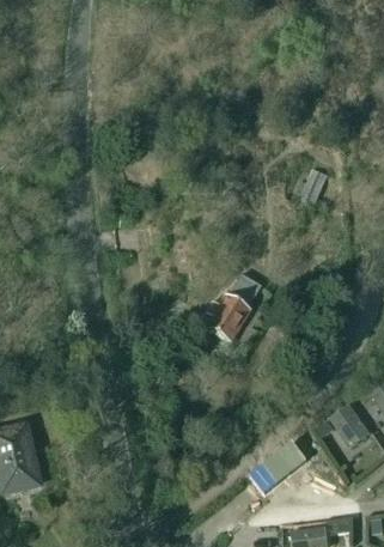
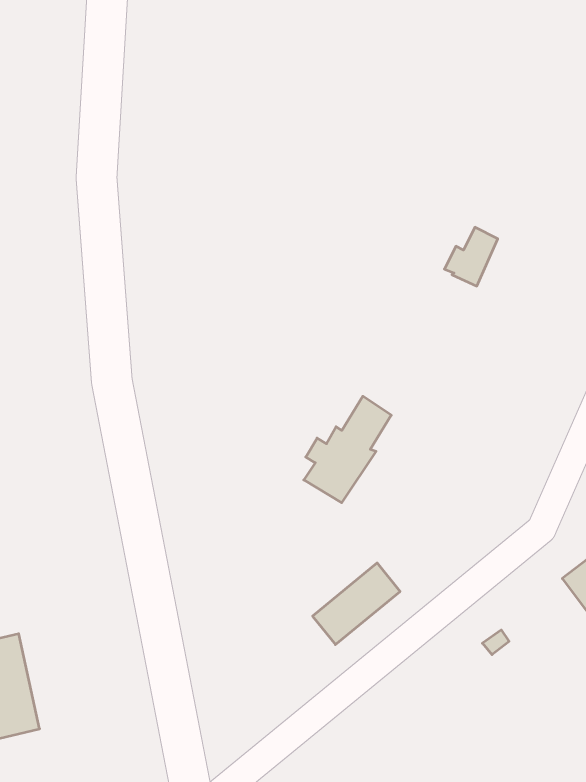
building: [329,402,371,448] -> none
building: [250,442,305,493] -> [313,563,400,645]

